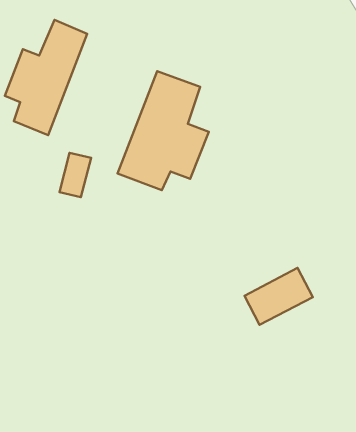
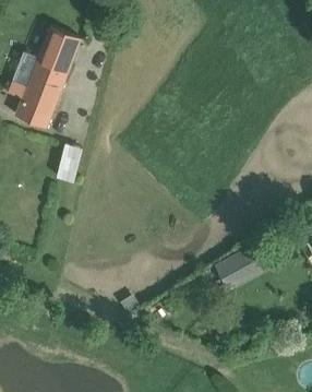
building: [118,71,209,190] -> none

